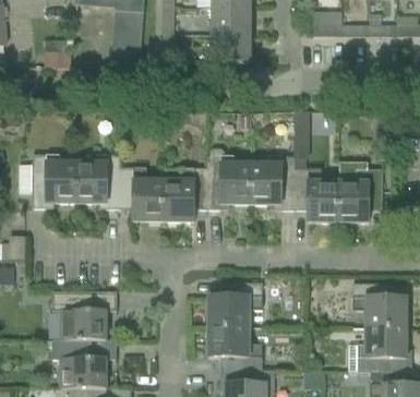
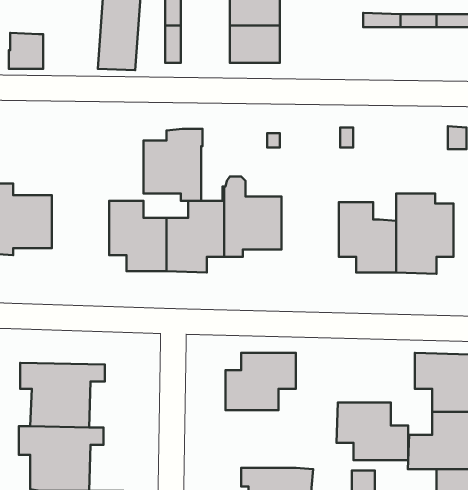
building: [76,154,121,208] -> [144,129,202,201]
building: [251,156,295,209] -> none
building: [207,326,262,370] -> [336,403,408,460]

